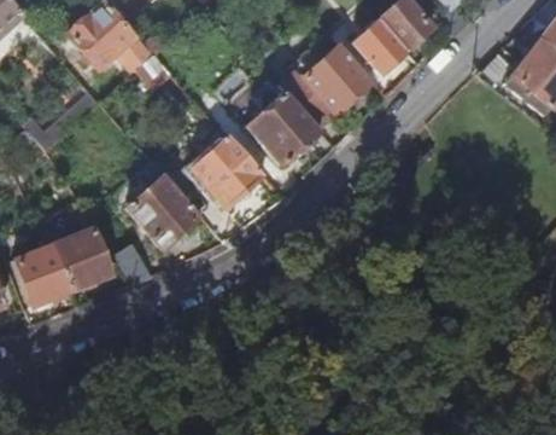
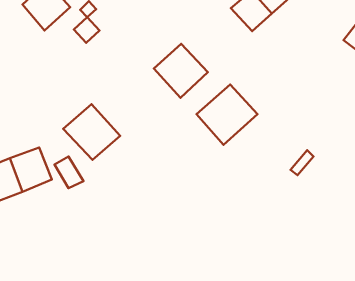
building: [303,41,374,112] -> none
building: [193,134,264,204] -> none
building: none -> [196,84,257,145]

